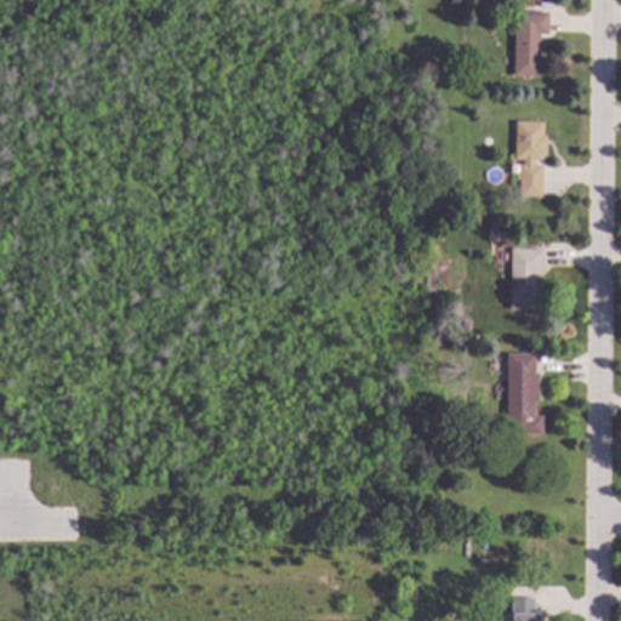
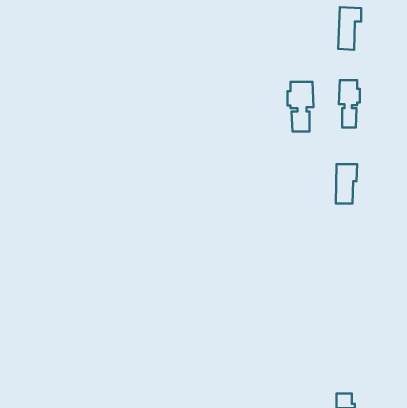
building: none -> [288,82,314,132]
building: [503,353,543,433] -> none

